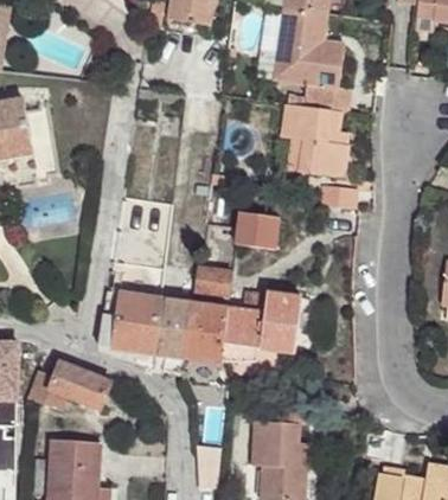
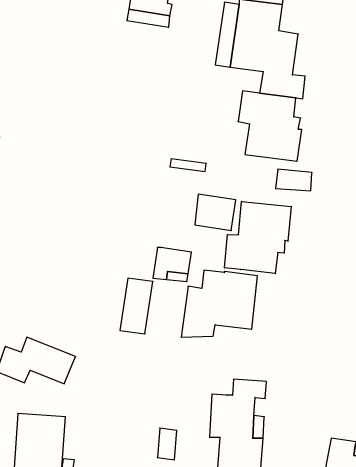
building: none -> [225,201,291,274]
building: [100,289,167,353] -> none
building: [185,302,230,363] -> none

